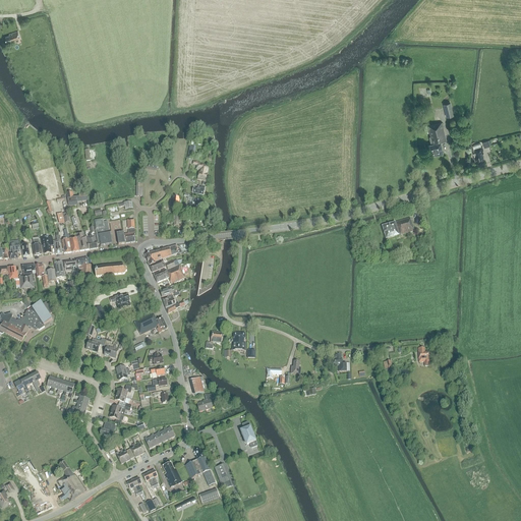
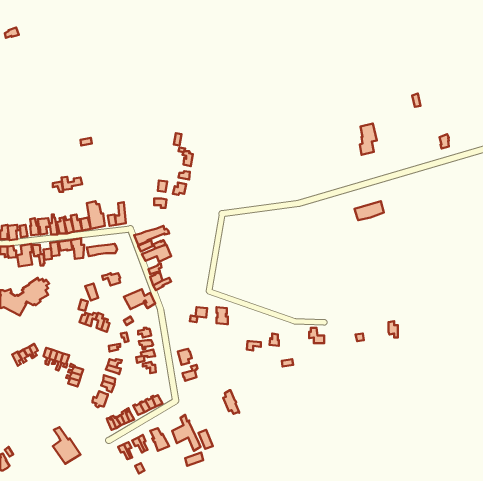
building: [427,121,446,155] -> [360,124,377,155]

